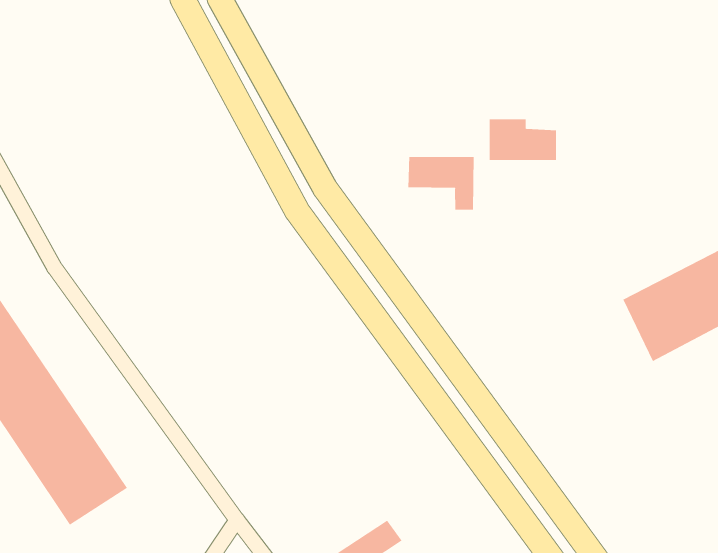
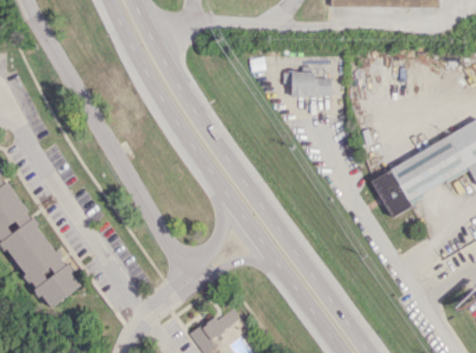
building: [408,156,474,211] -> none

